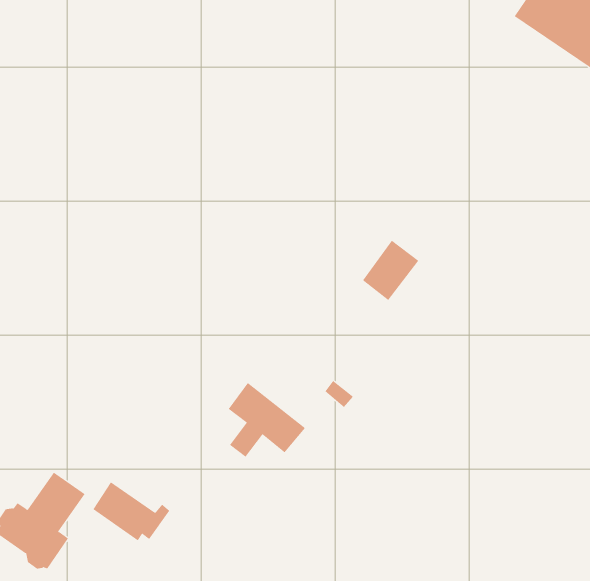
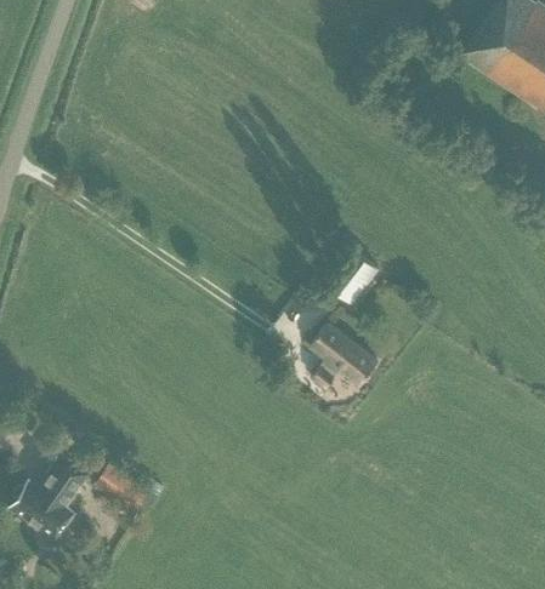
building: [228,382,306,457] -> [316,325,384,390]

